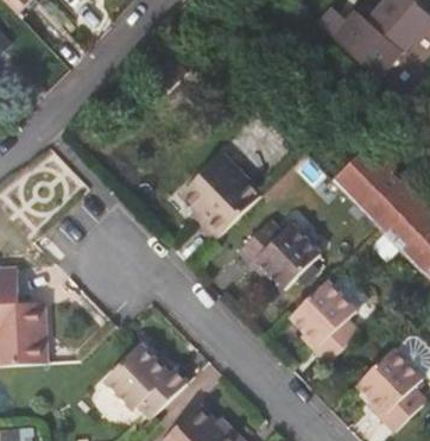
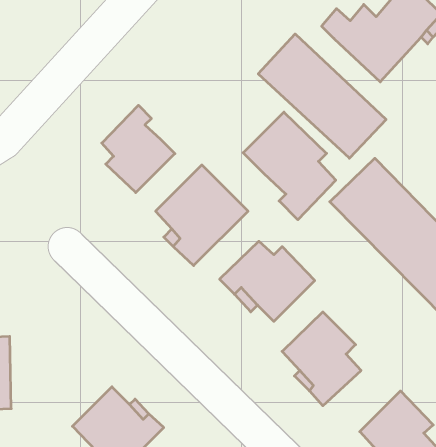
building: none -> [258,34,386,158]
building: none -> [102,105,175,193]
building: none -> [243,112,336,220]

